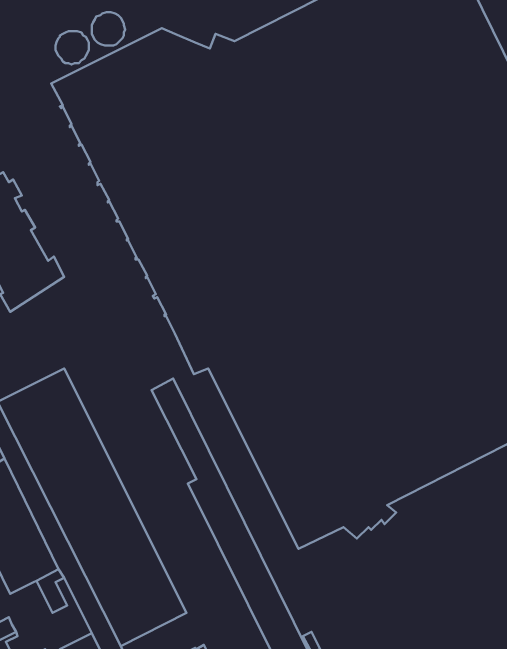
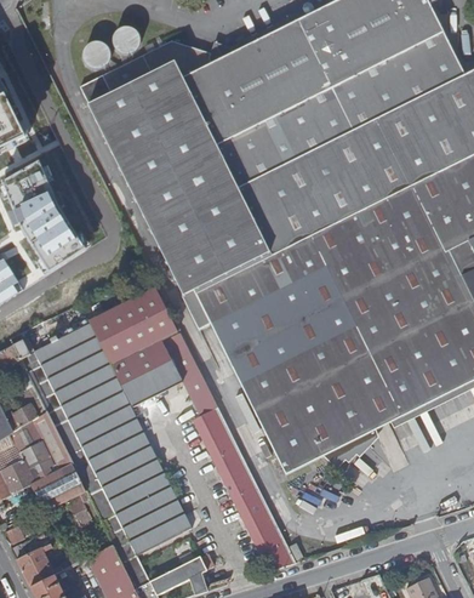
building: none -> [88,286,182,406]

